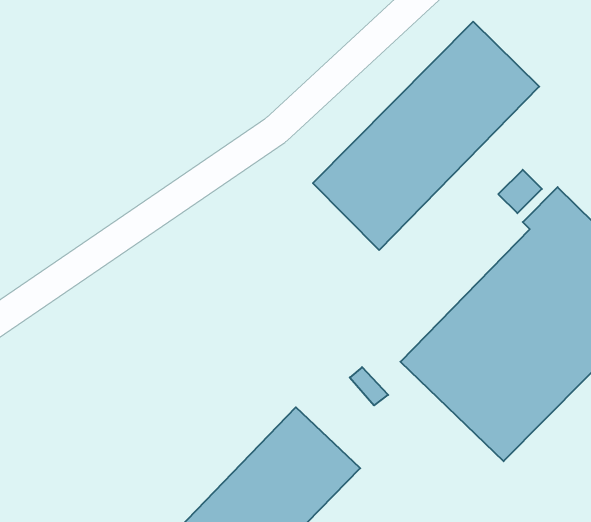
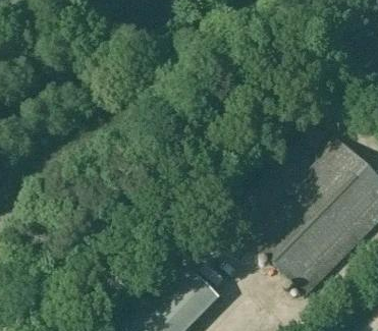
building: [313,22,539,250] -> none

